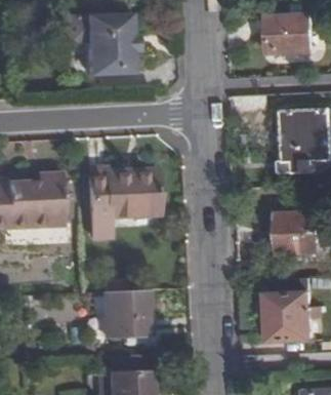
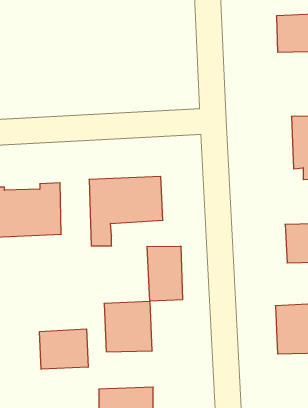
building: [85,16,131,77] -> none
building: none -> [147,246,182,301]
building: none -> [40,329,88,369]

